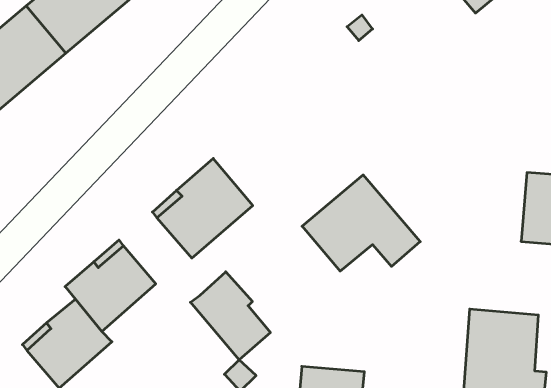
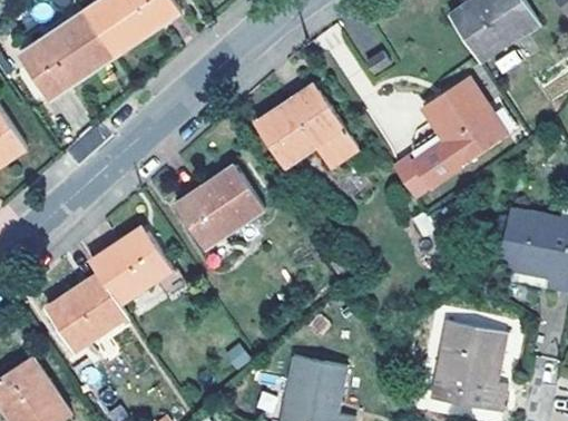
building: none -> [392,76,507,196]
building: [302,175,420,271] -> [256,84,359,167]
building: [190,272,270,360] -> none

